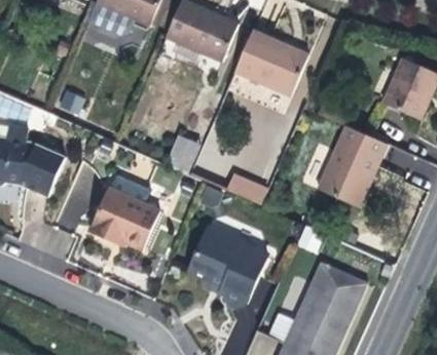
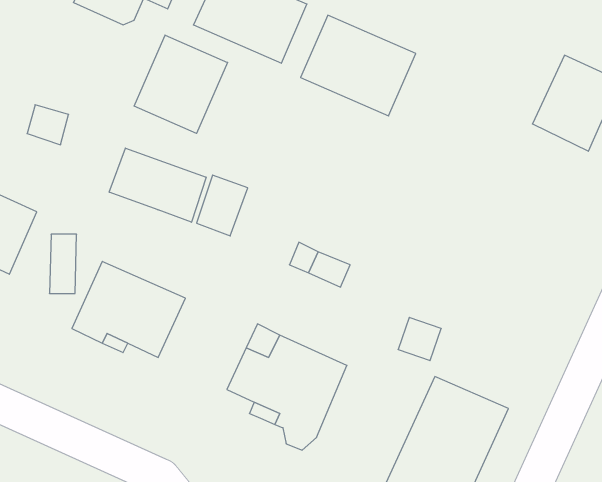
building: none -> [134,35,228,133]
building: none -> [109,148,206,222]
building: [317,125,387,208] -> none

